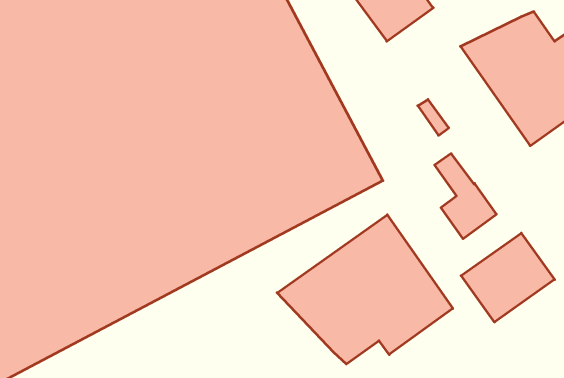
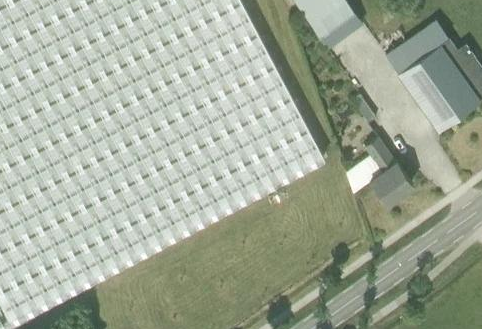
building: [277,215,453,364] -> none
building: [461,233,555,322] -> none

